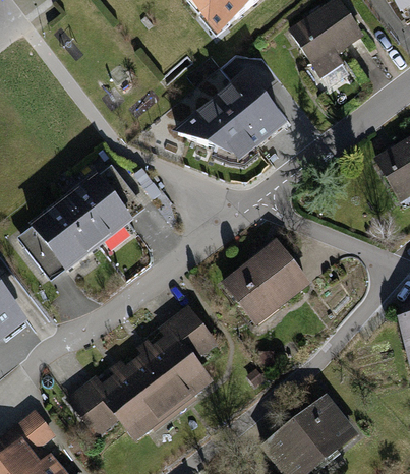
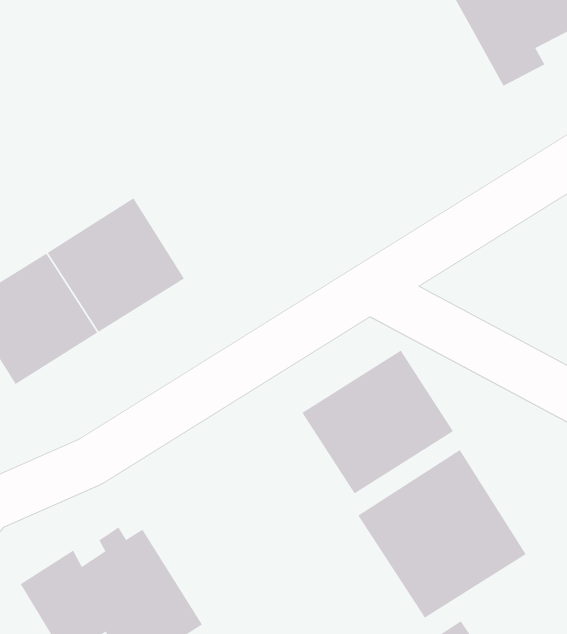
building: [171,70,288,161] -> none
building: none -> [358,449,526,618]
building: [134,303,219,410] -> none

